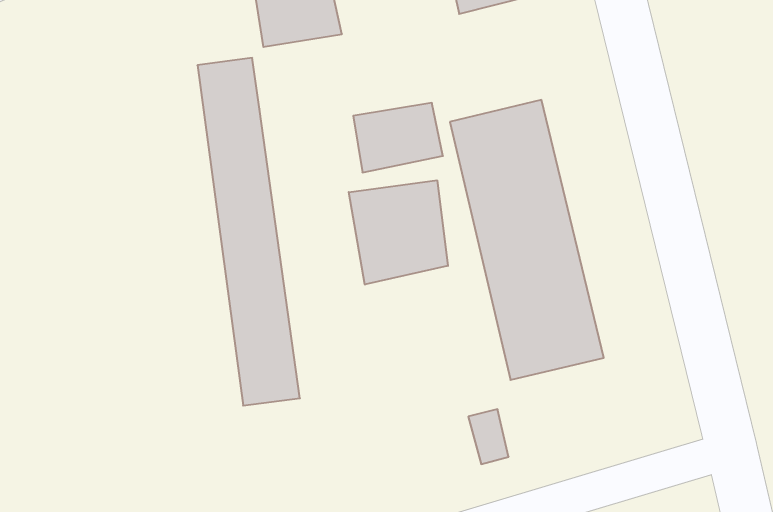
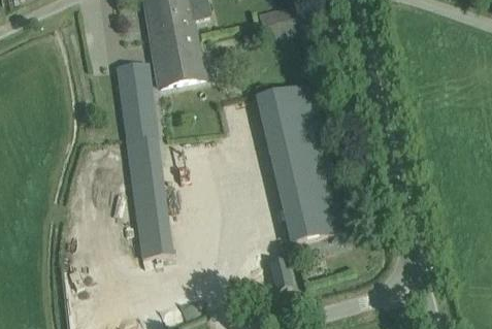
building: [353,103,443,172] -> [153,46,203,86]
building: [349,180,448,285] -> none

